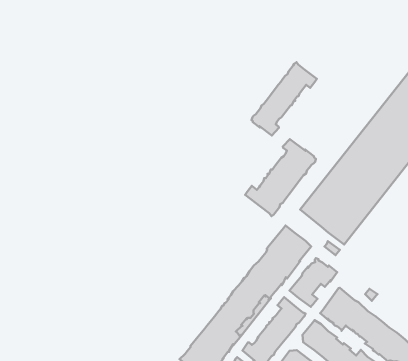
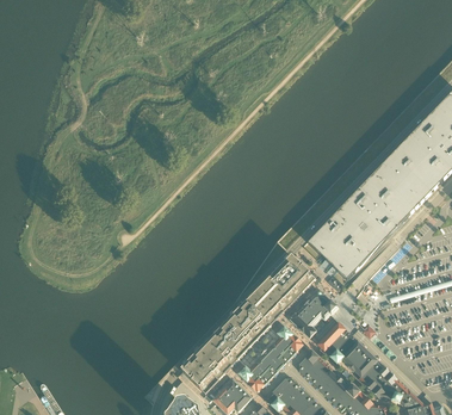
building: [251,62,317,135] -> none
building: [245,139,316,216] -> none

